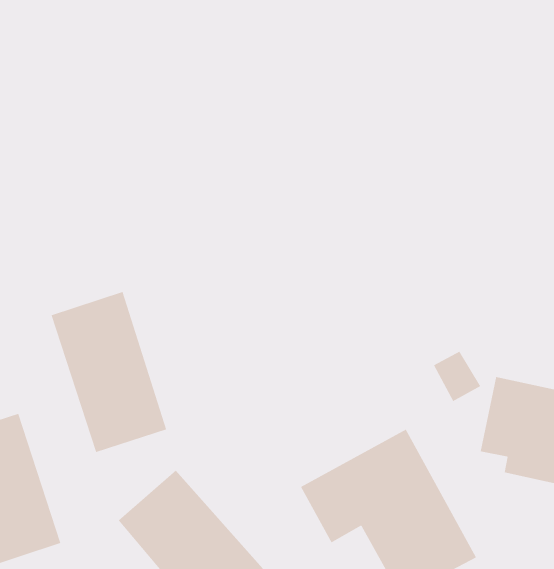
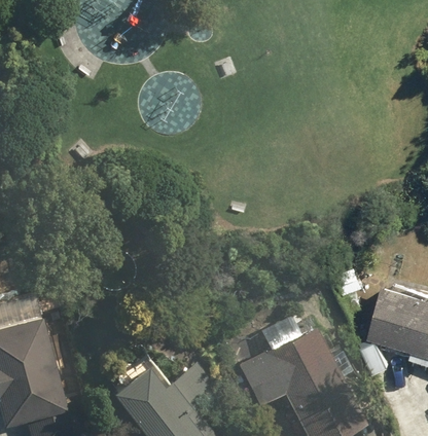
building: [51,291,167,453] -> none

